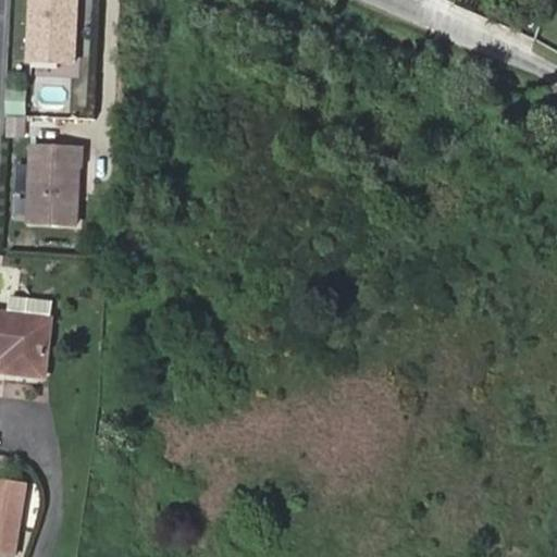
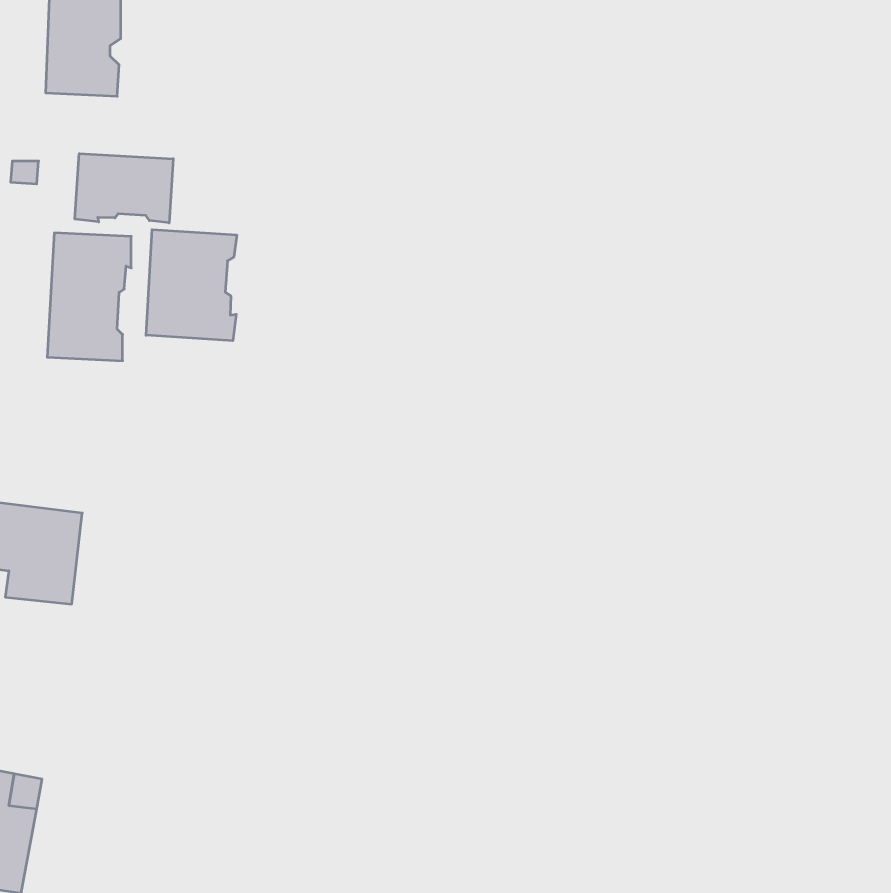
building: none -> [75,154,173,223]
building: none -> [146,230,237,341]

